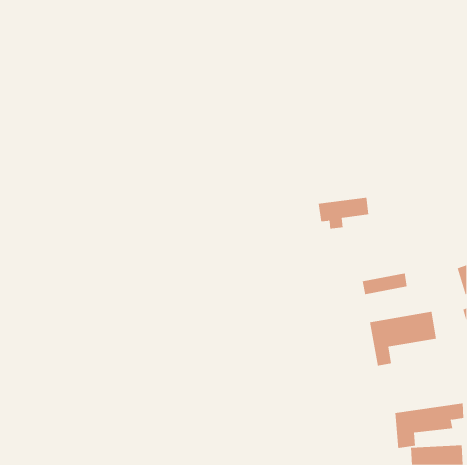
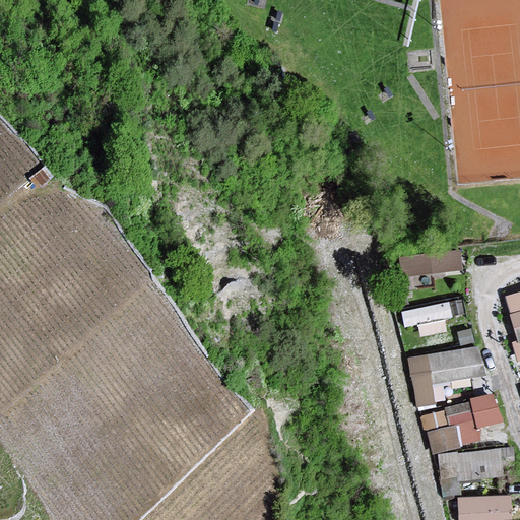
building: [318,197,369,229] -> [405,249,462,284]
building: none -> [420,393,500,456]

